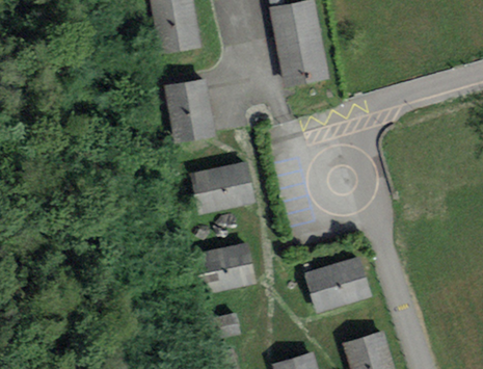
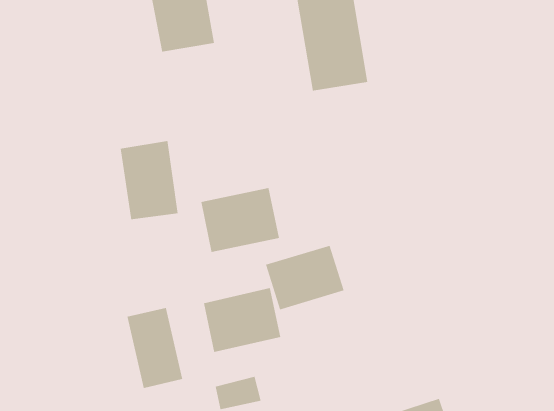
building: [166,78,213,141] -> [120,141,178,220]
building: none -> [127,307,183,389]
building: [305,258,369,310] -> [265,245,345,310]

